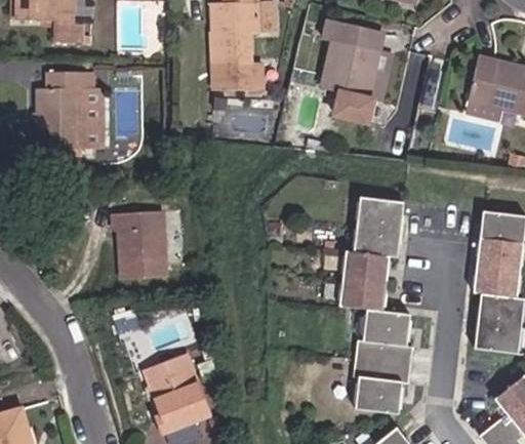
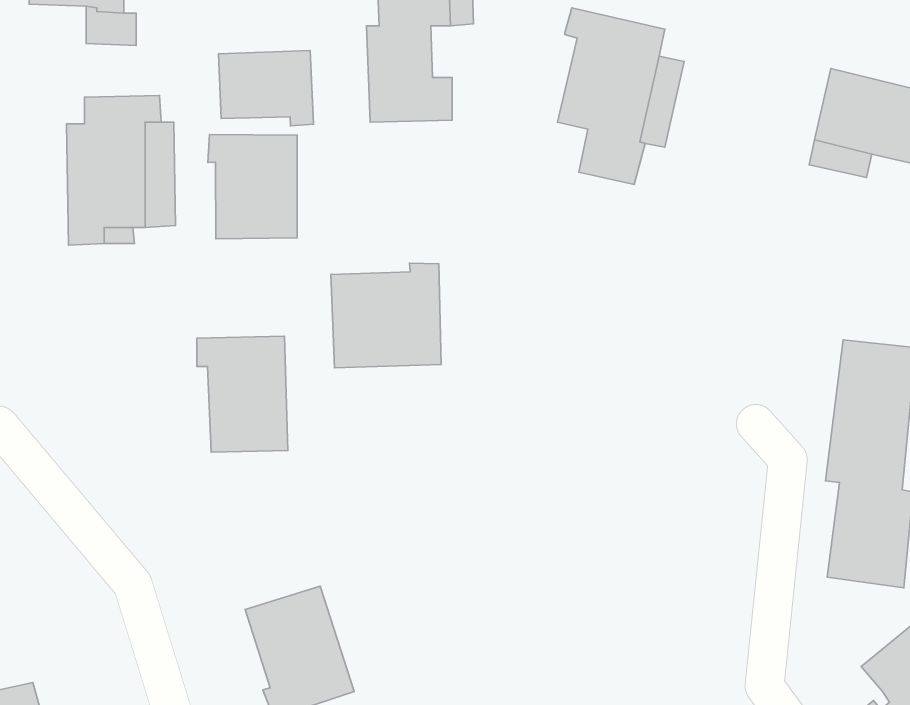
building: none -> [219,51,313,126]
building: none -> [208,134,297,239]
building: none -> [331,263,441,368]
building: [340,198,414,415] -> none

